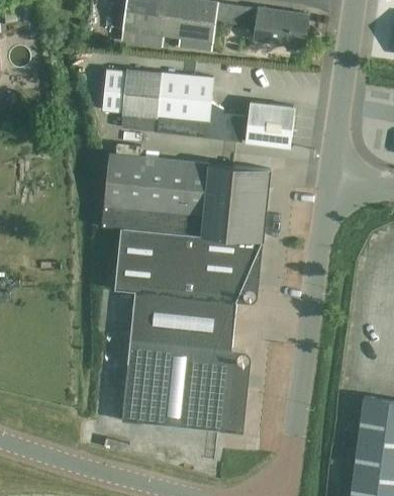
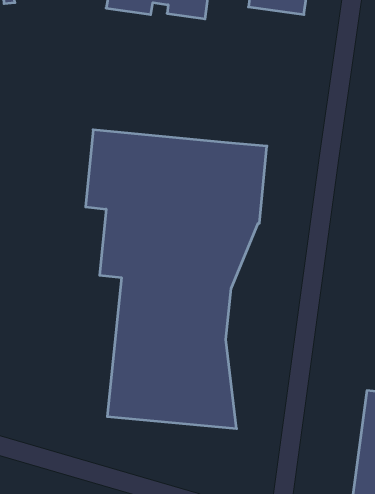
building: [101,69,243,140] -> none
building: [245,101,295,147] -> none

